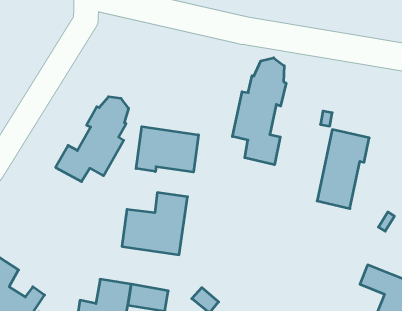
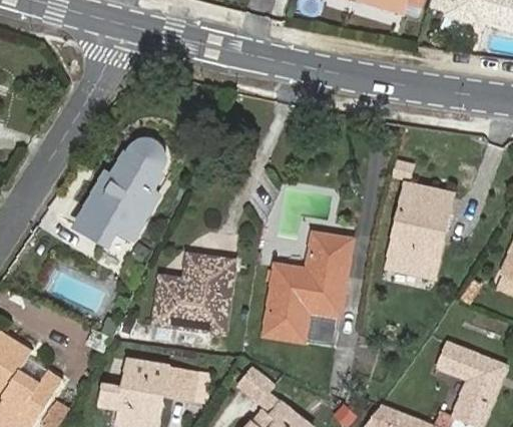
building: [232,58,286,165] -> none
building: [136,127,198,172] -> none
building: none -> [265,234,352,344]

